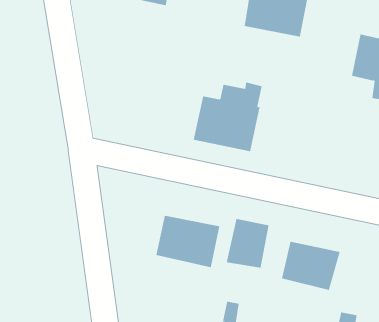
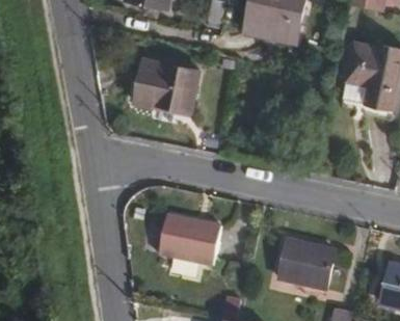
building: [193,82,263,152] -> [133,47,201,114]
building: [226,218,269,268] -> none

